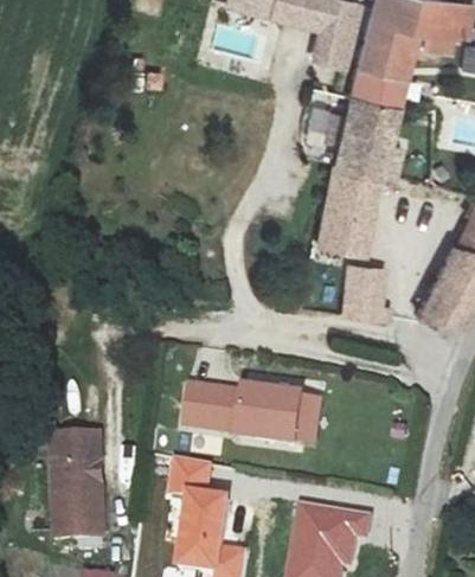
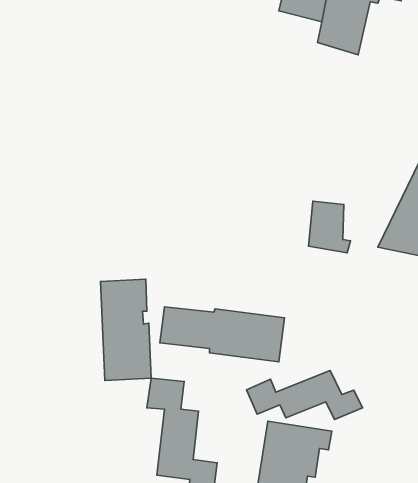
building: [309,96,398,256] -> none
building: [49,427,103,536] -> [101,279,151,380]
building: none -> [246,370,363,419]

